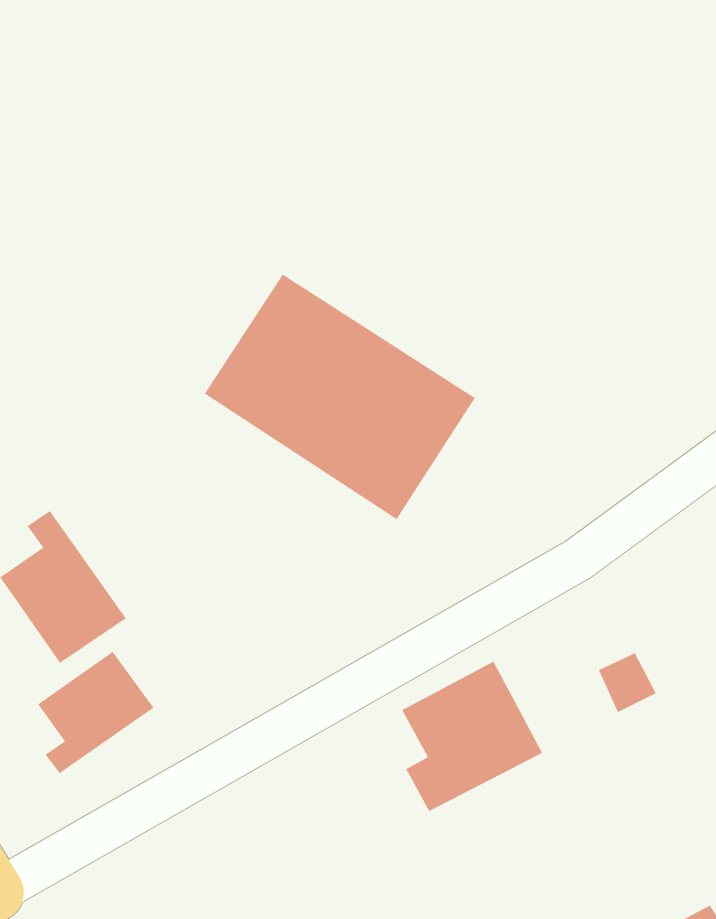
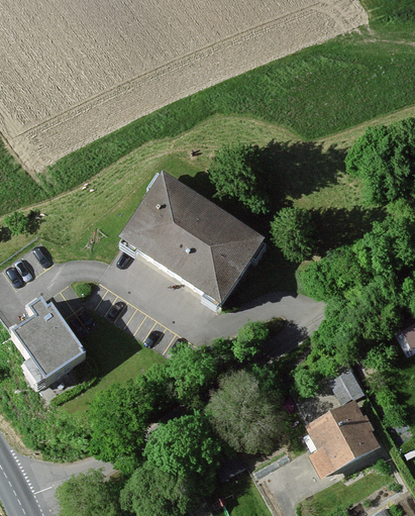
building: [37,651,154,774] -> none
building: [401,660,543,812] -> [305,400,378,478]

